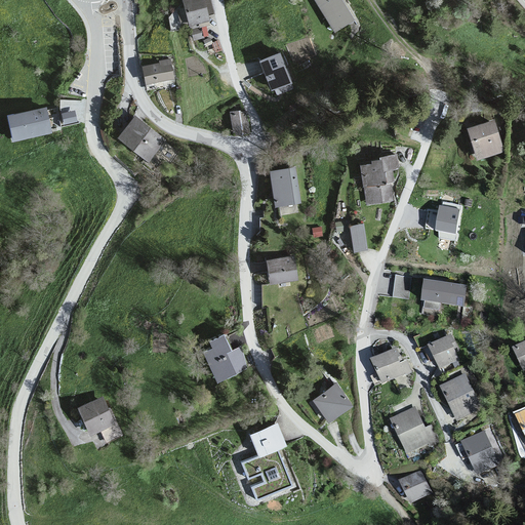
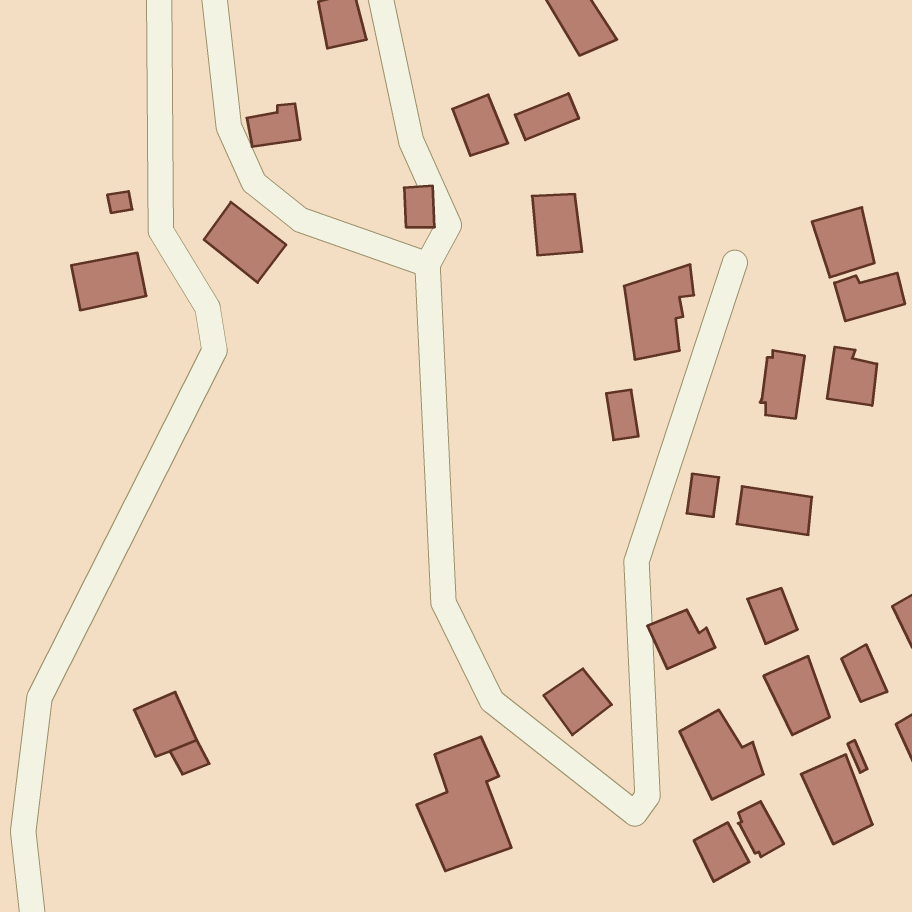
building: none -> [515,93,579,140]
building: [9,106,52,138] -> [71,253,146,310]
building: none -> [834,273,905,321]
building: [271,169,299,204] -> [532,194,582,255]
building: none -> [827,347,877,406]
building: [265,254,299,283] -> none
building: [202,334,247,382] -> none
building: none -> [842,645,887,702]
building: none -> [738,801,784,857]

